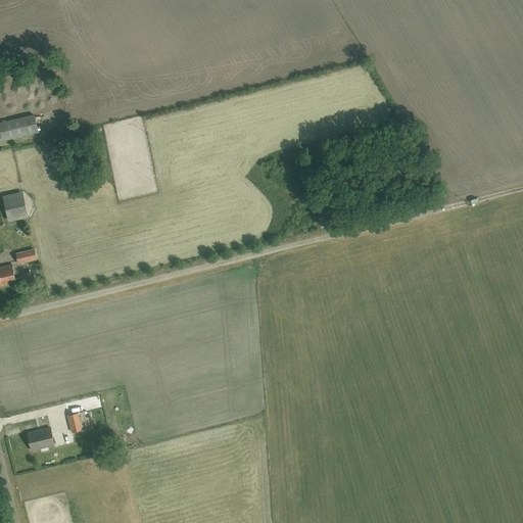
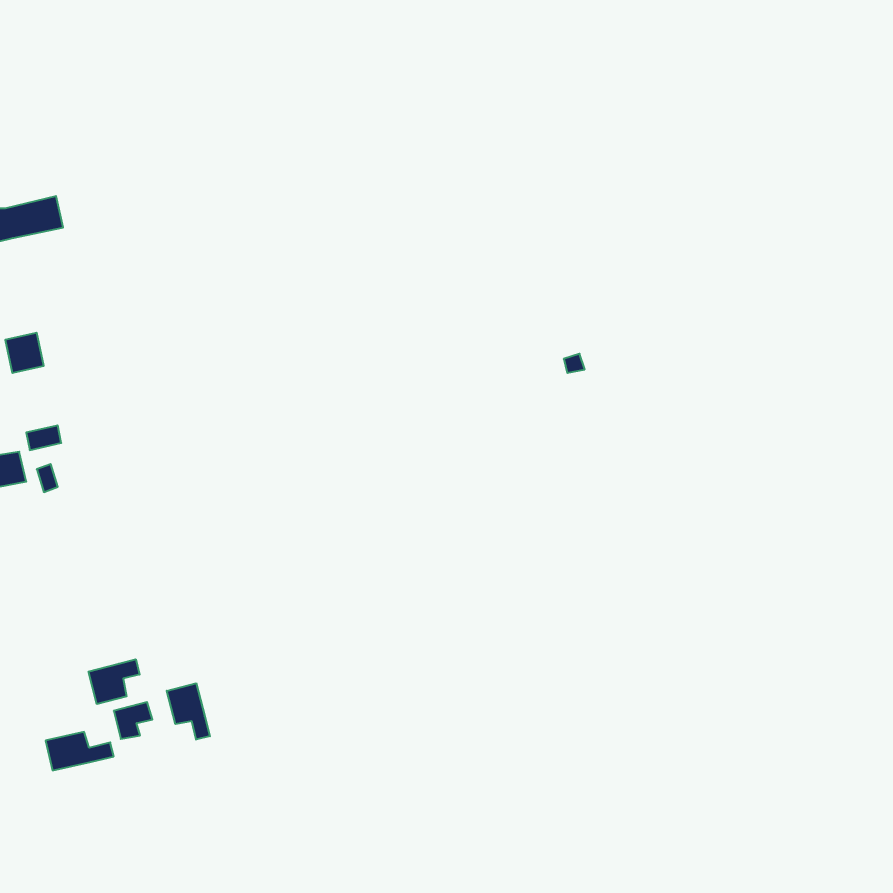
building: none -> [89,659,140,704]
building: none -> [167,683,210,740]

